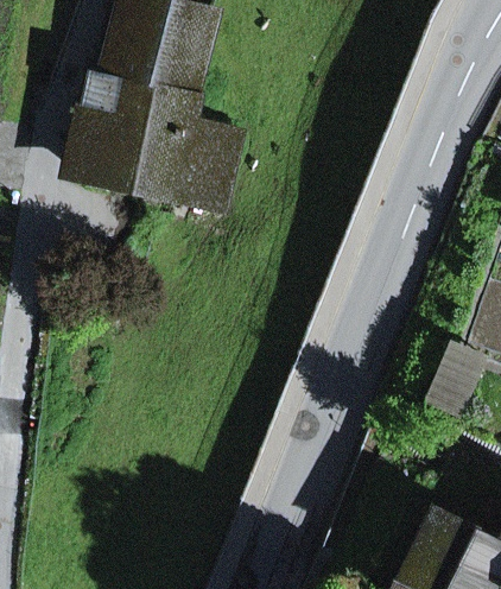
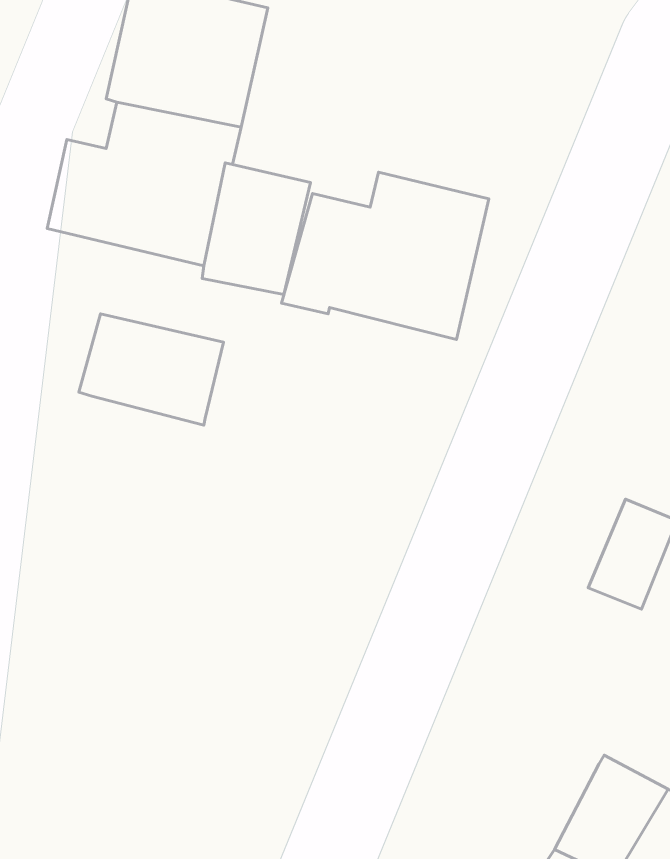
building: none -> [281,172,489,339]
building: none -> [79,314,224,425]

